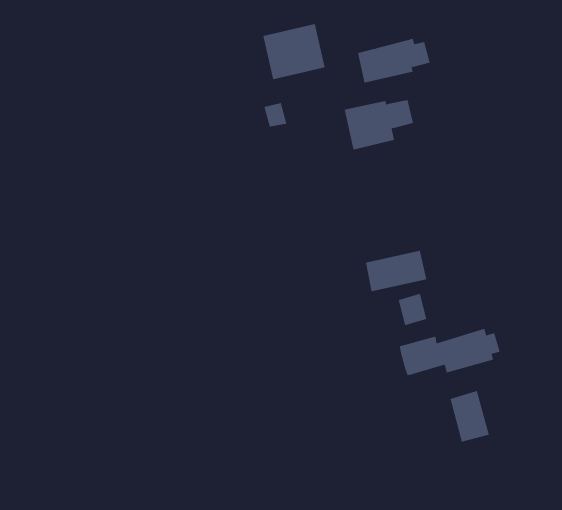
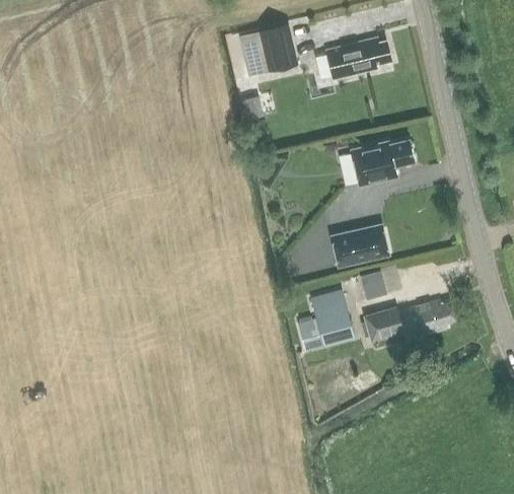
building: [344,99,414,150] -> [351,140,414,186]
building: none -> [297,288,355,350]
building: [450,390,490,442] -> none

